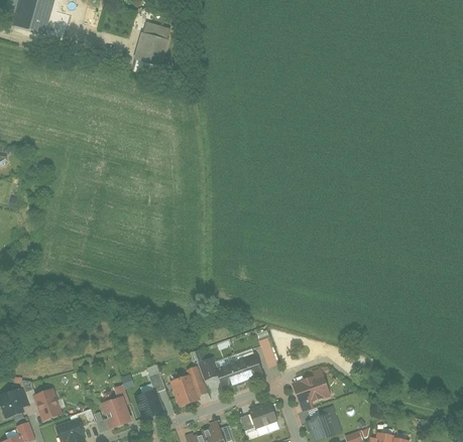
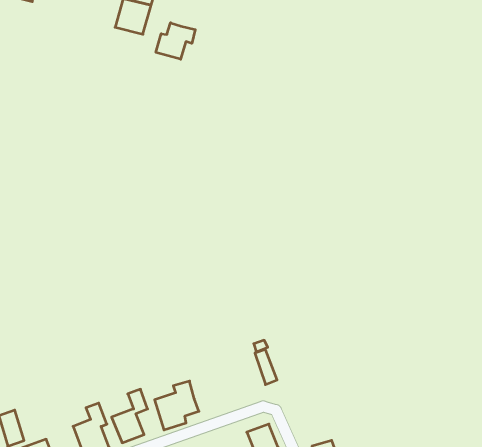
building: none -> [156,23,195,59]
building: [200,351,260,388] -> none
building: [297,372,332,405] -> none

